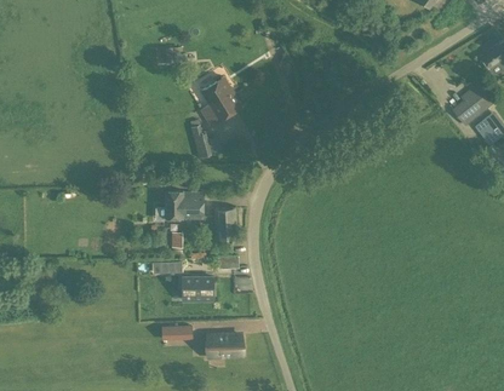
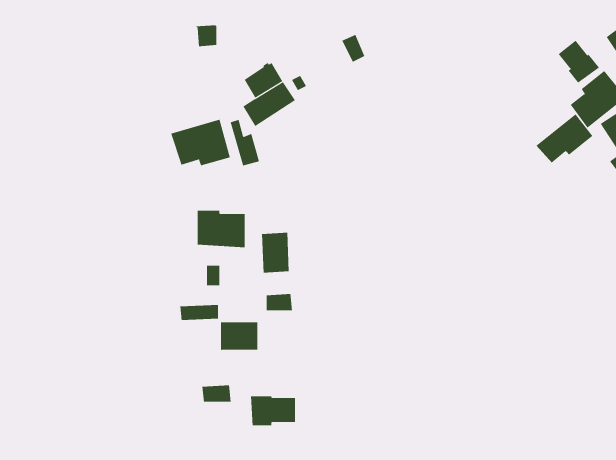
building: none -> [558,40,600,84]
building: none -> [536,114,593,164]
building: none -> [171,119,230,166]

